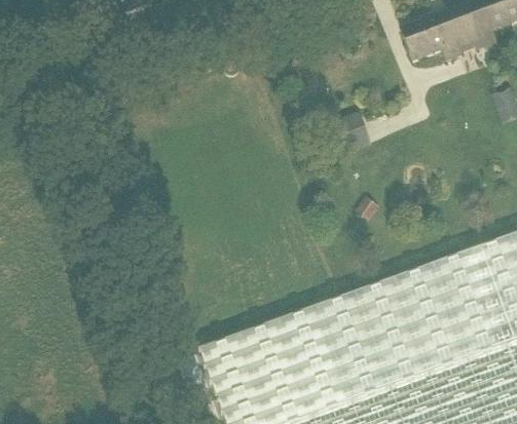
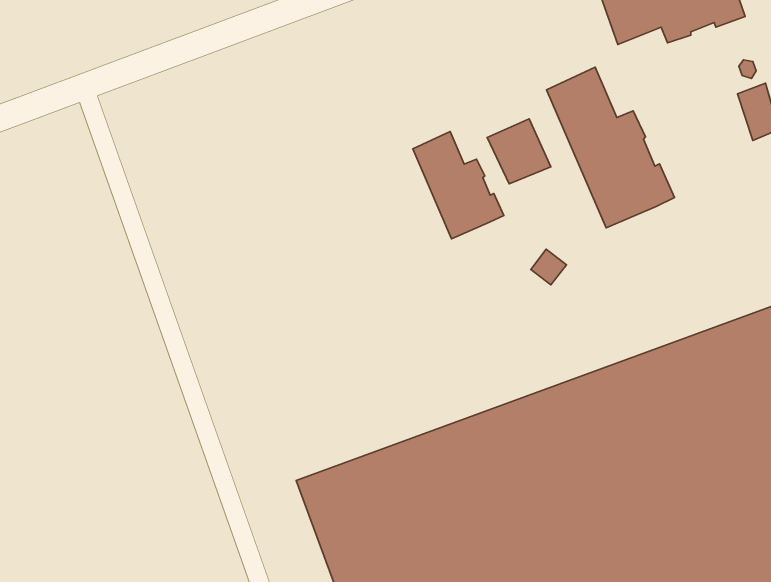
building: none -> [547,67,675,228]
building: none -> [413,131,504,239]

